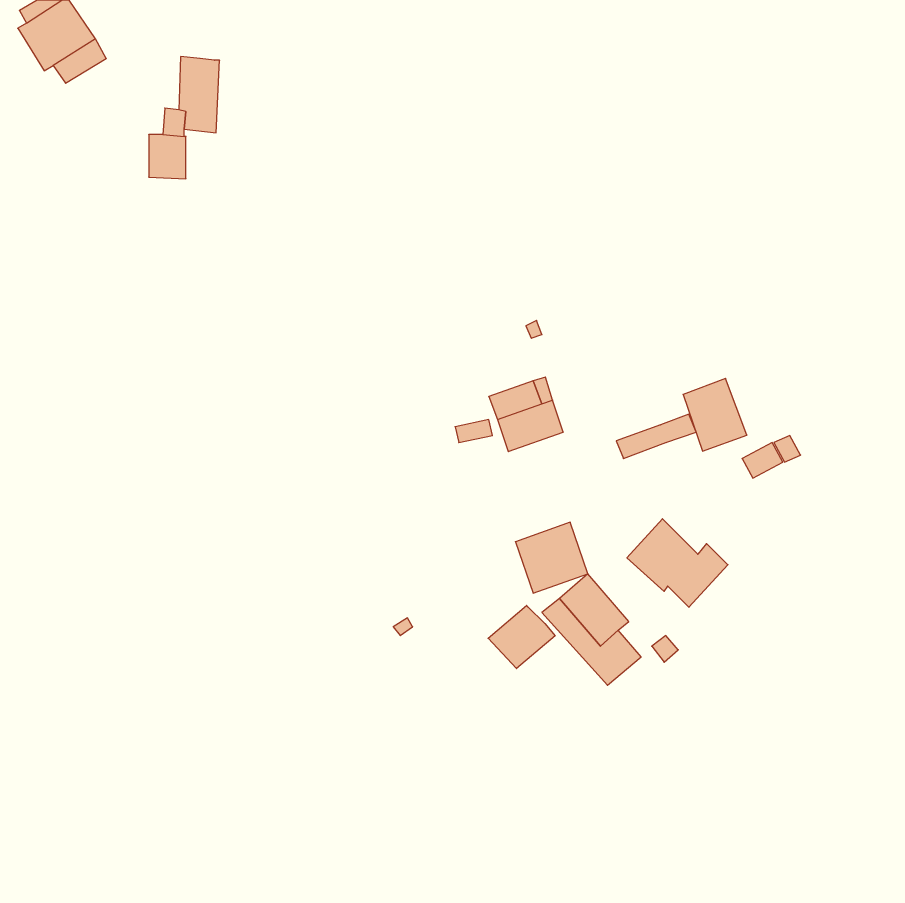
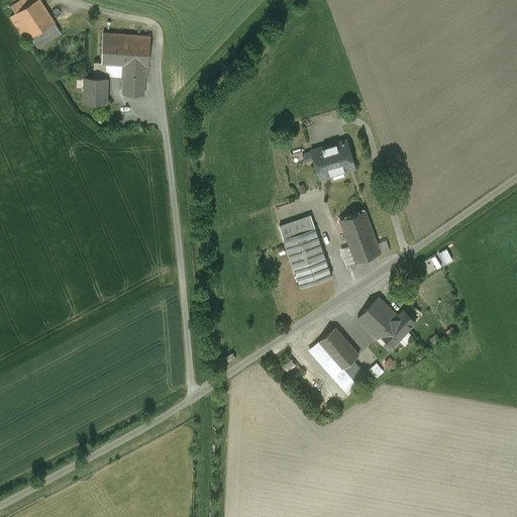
building: none -> [123,35,150,96]
building: none -> [302,142,351,178]
building: [683,378,747,451] -> [340,211,377,252]
building: [515,522,588,593] -> [290,247,331,288]
building: [488,605,555,669] -> none

